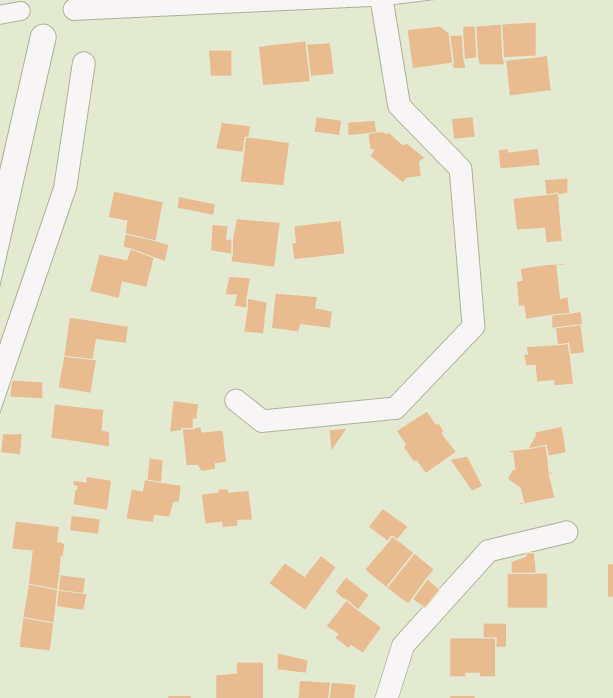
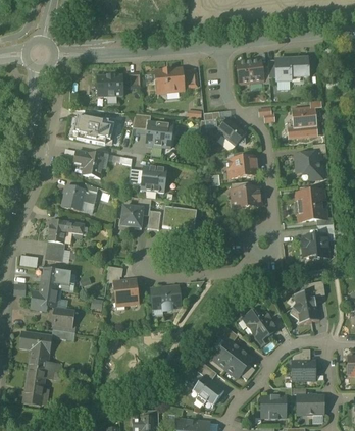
building: none -> [98,75,122,97]
building: [505,55,552,96] -> [291,107,316,129]
building: none -> [72,115,113,144]
building: [292,221,345,259] -> [227,157,257,178]
building: none -> [232,187,260,208]
building: none -> [120,206,143,228]
building: [396,411,457,474] -> [243,307,276,341]
building: [126,480,181,523] -> [31,286,61,310]
building: [201,489,253,528] -> [151,287,180,309]
building: [268,555,336,611] -> none
building: none -> [298,396,322,415]

